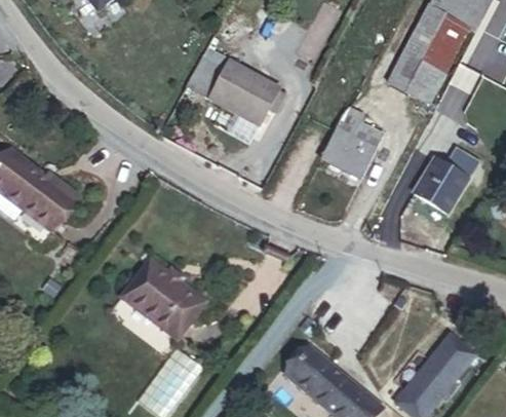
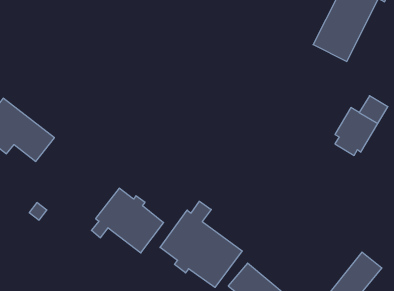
building: [187,47,285,124] -> none
building: [322,106,383,178] -> none
building: none -> [160,201,242,287]

